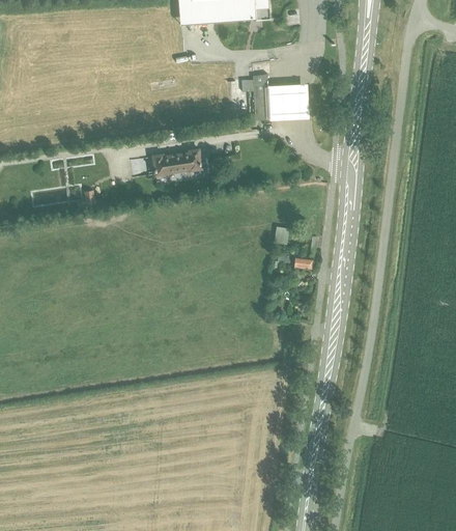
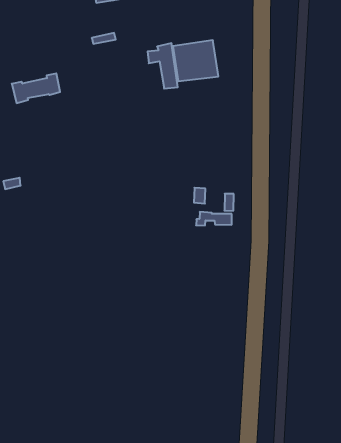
building: [152,149,202,176] -> [12,73,60,103]

